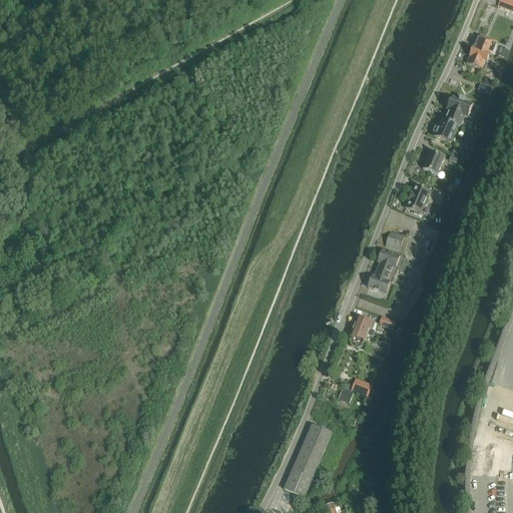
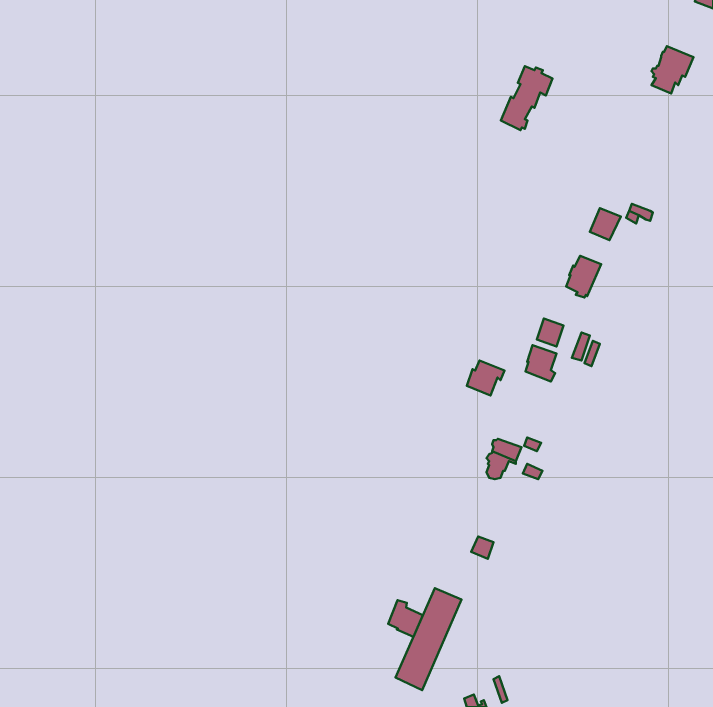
building: [436,95,473,141] -> [501,66,553,130]
building: [368,267,395,292] -> [467,361,505,396]
building: none -> [388,600,423,637]

